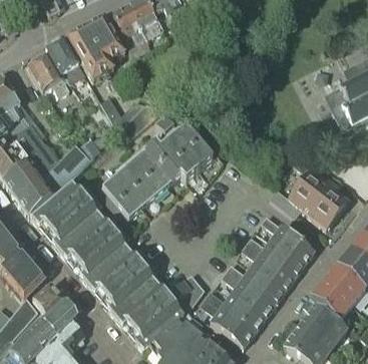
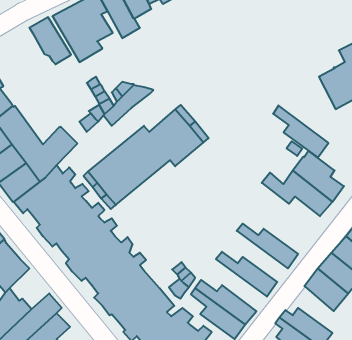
building: [29,51,70,93] -> none
building: [262,214,315,264] -> [273,105,328,158]
building: [242,242,295,291] -> none
building: [222,269,275,319] -> none
building: [33,284,65,317] -> none
building: [303,296,348,340] -> none

